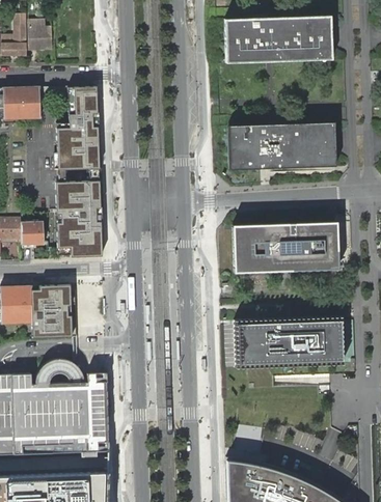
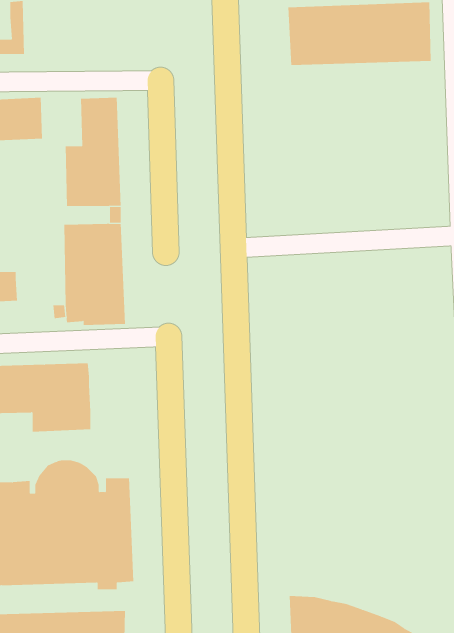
building: [29,27,52,49] -> none
building: [227,121,334,169] -> none
building: [20,221,43,246] -> none
building: [237,222,337,273] -> none
building: [237,316,343,367] -> none

